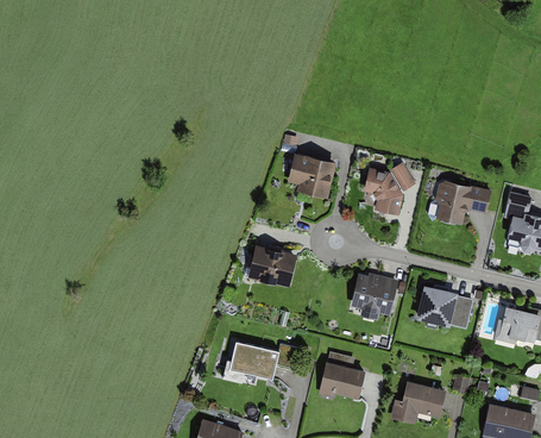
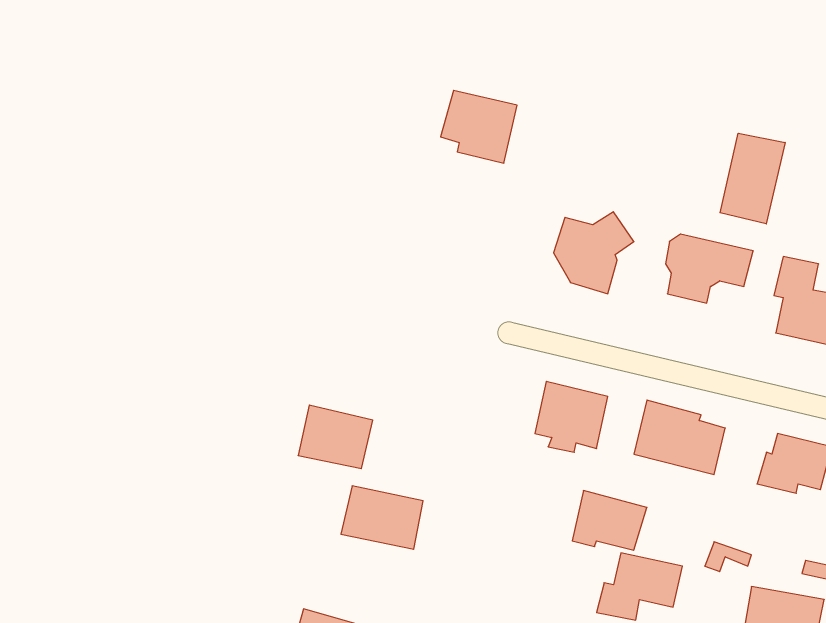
building: none -> [720,133,785,224]
building: [285,154,334,200] -> [441,90,517,163]
building: [247,246,295,287] -> [298,405,373,469]
building: [319,361,366,399] -> [572,491,647,550]

